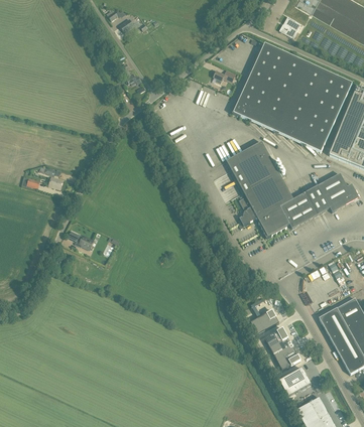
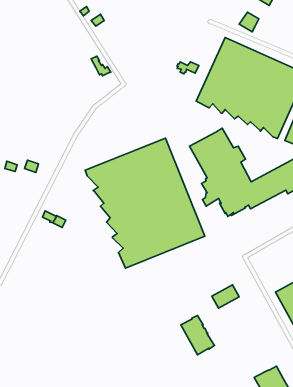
building: none -> [85,138,205,268]
building: [264,327,300,370] -> [181,316,214,355]
building: [279,367,311,396] -> none

